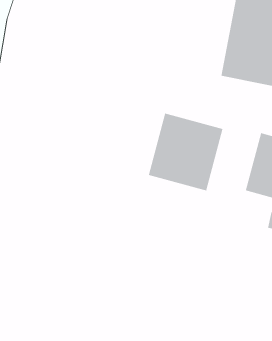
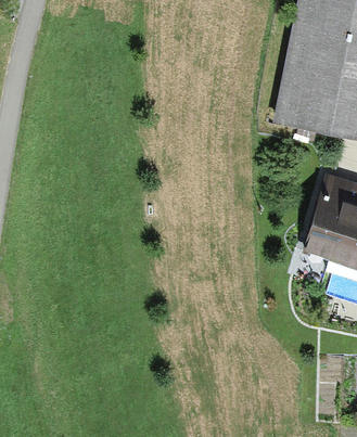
building: [148,112,224,192] -> none

